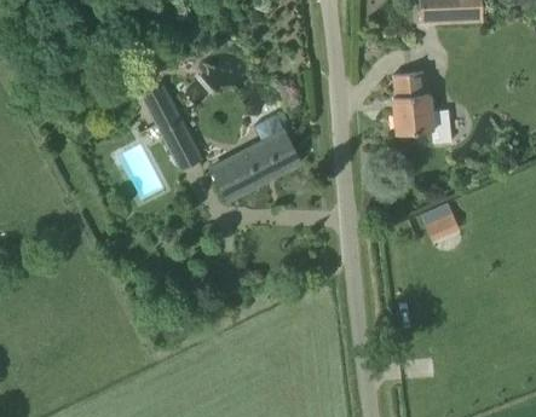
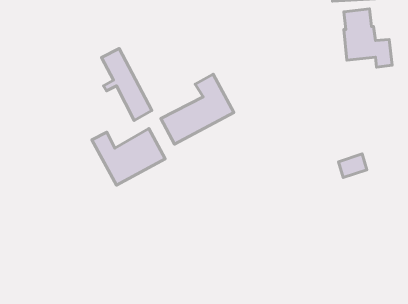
building: [392,71,451,143] -> [344,9,392,67]
building: none -> [92,128,165,185]

